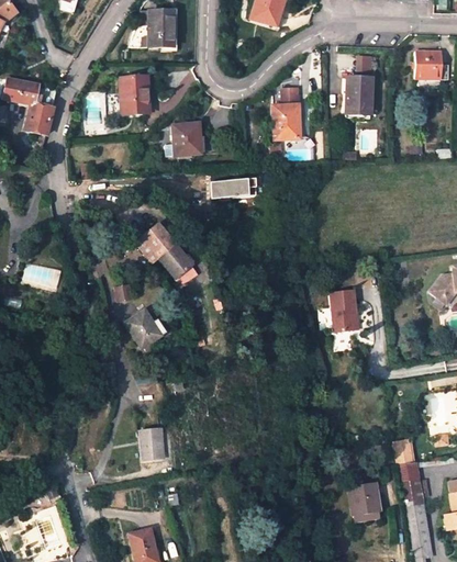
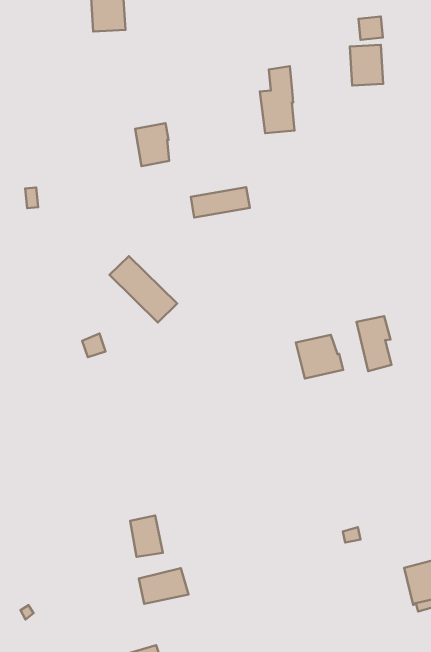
building: [122,76,147,114] -> none
building: none -> [296,335,343,379]
building: [125,310,161,348] -> none
building: none -> [139,568,188,604]

